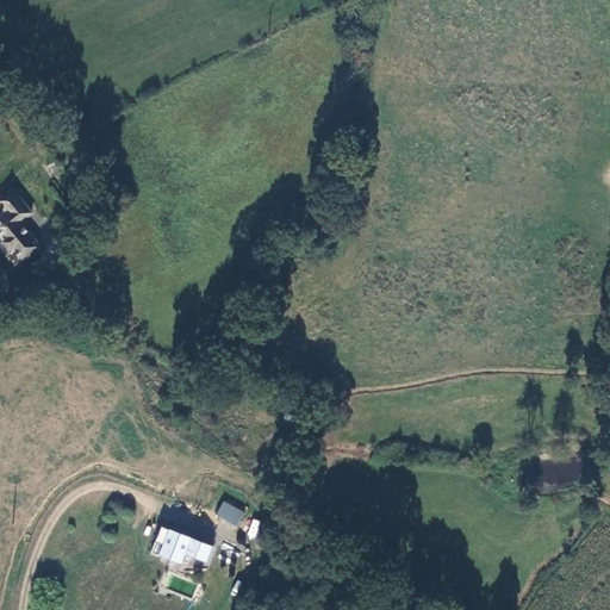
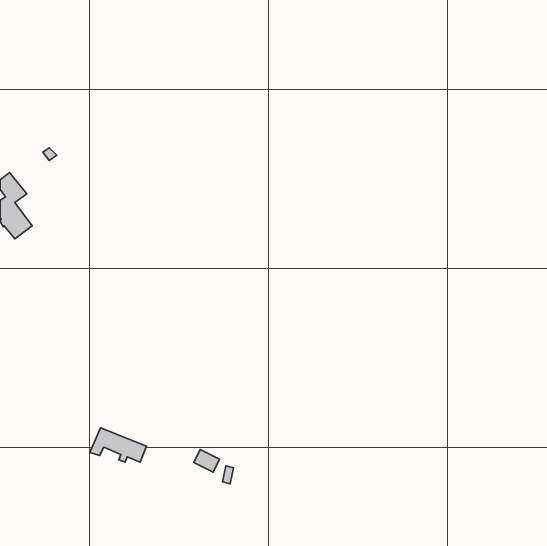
building: [150,525,213,564] -> [90,428,147,462]

